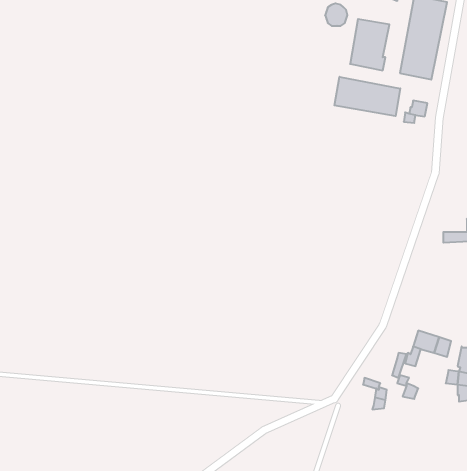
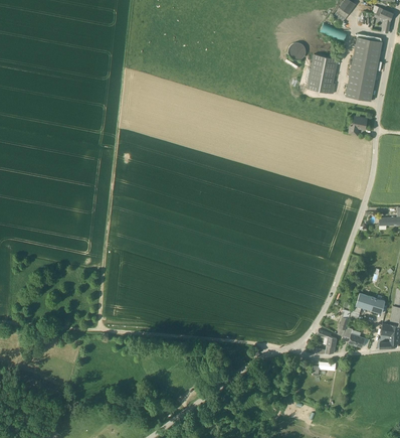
building: [334,77,400,116] -> none

